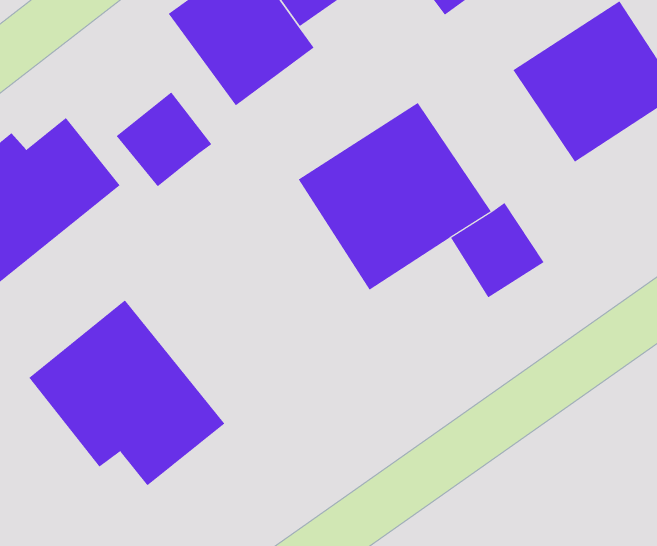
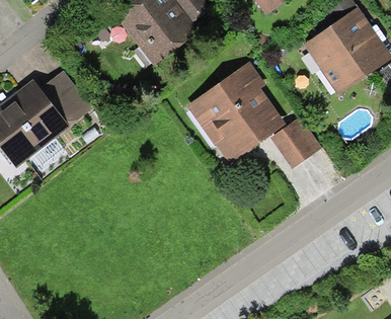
building: [116,91,212,187] -> none
building: [28,299,225,486] -> none

